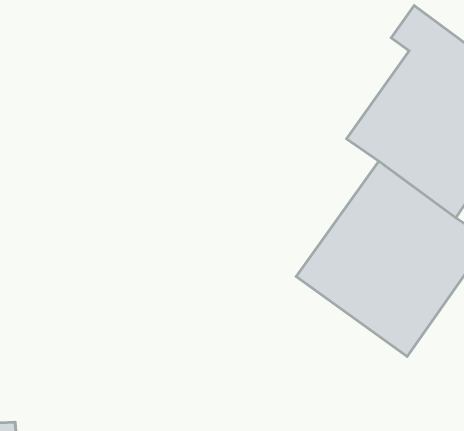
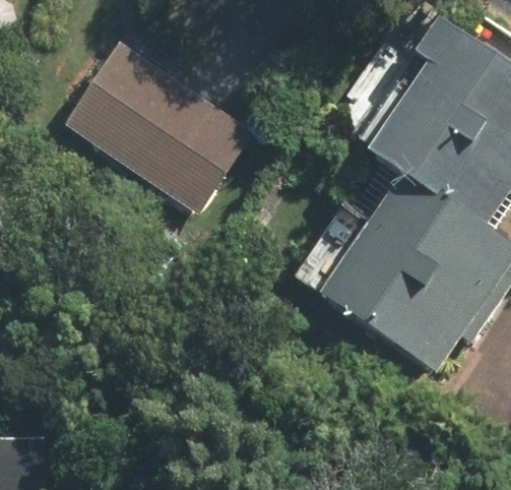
building: none -> [67,44,243,202]

